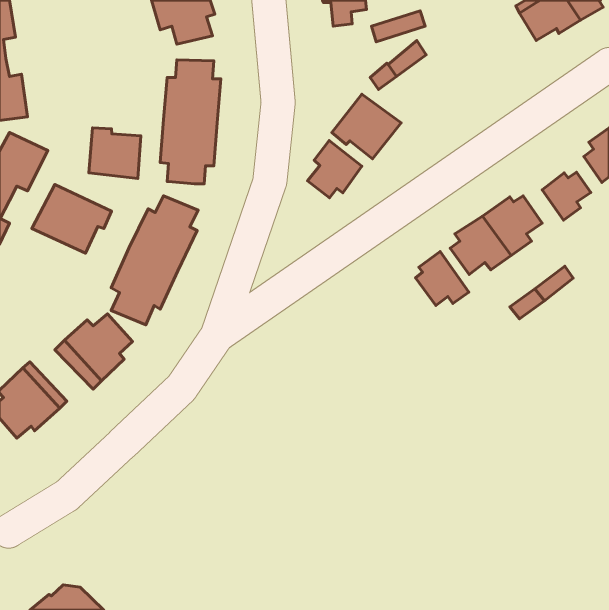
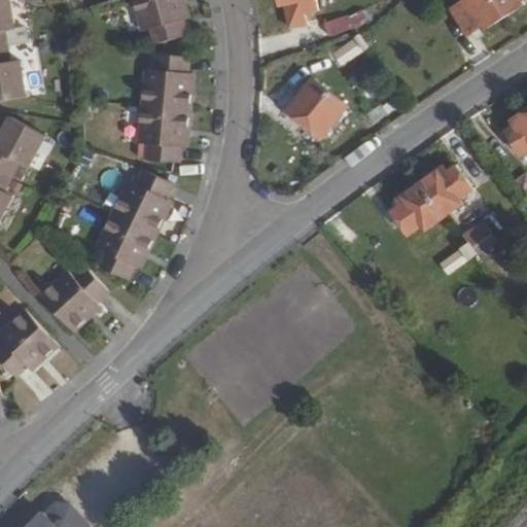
building: [89,128,141,178] -> none
building: [308,140,362,198] -> none
building: [542,172,591,220] -> none
building: [32,184,111,253] -> none
building: [416,252,469,305] -> none

